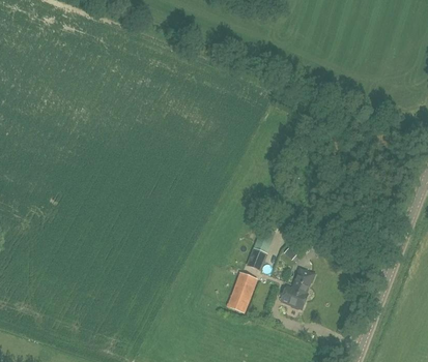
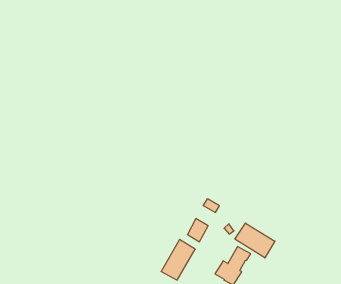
building: none -> [235,223,275,258]

